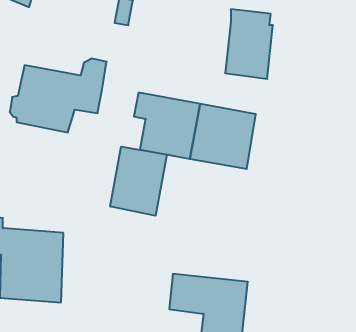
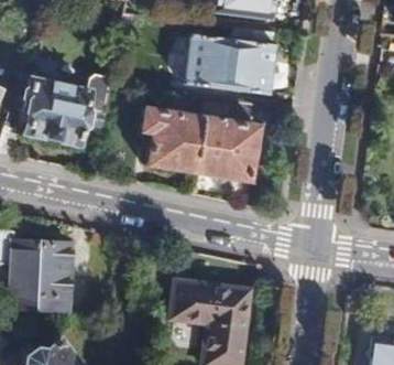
building: none -> [185,35,234,88]
building: [110,147,167,216] -> none

